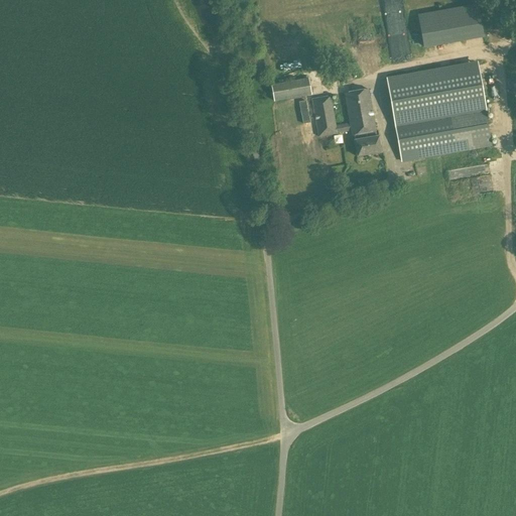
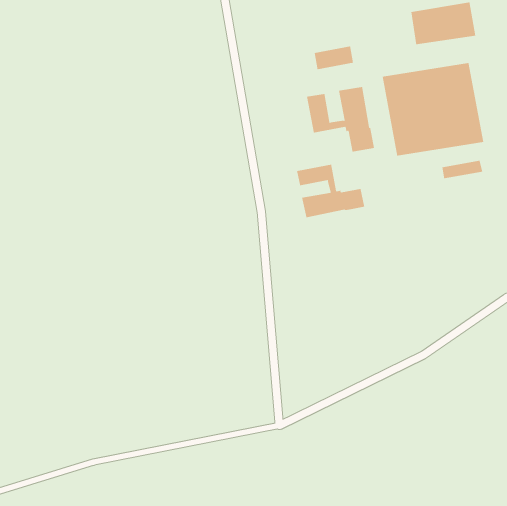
building: [270,77,310,101] -> [314,46,354,70]
building: none -> [297,164,365,218]

